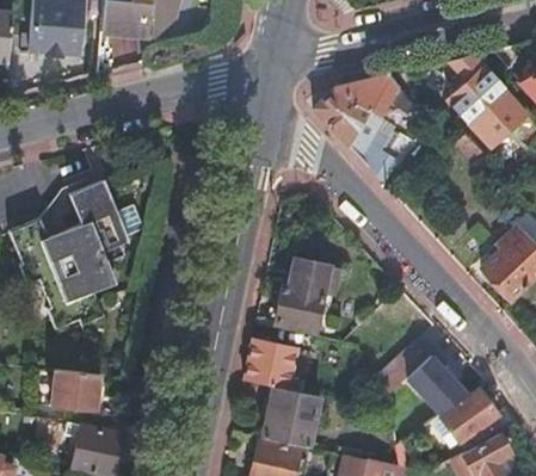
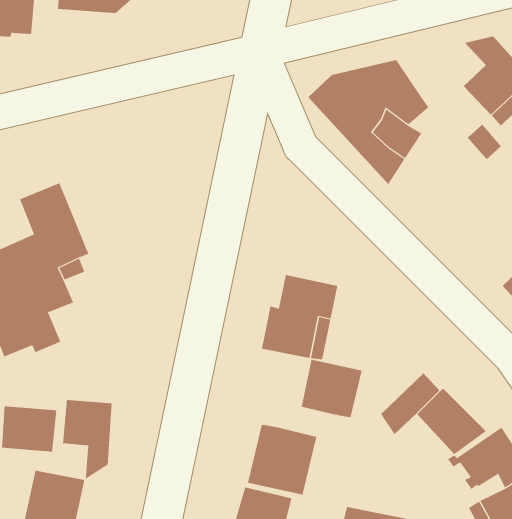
building: [245,340,297,390] -> [301,359,362,418]
building: none -> [62,399,112,480]

